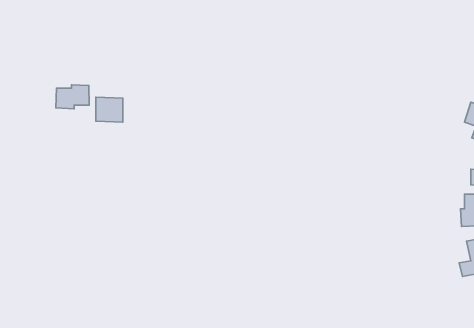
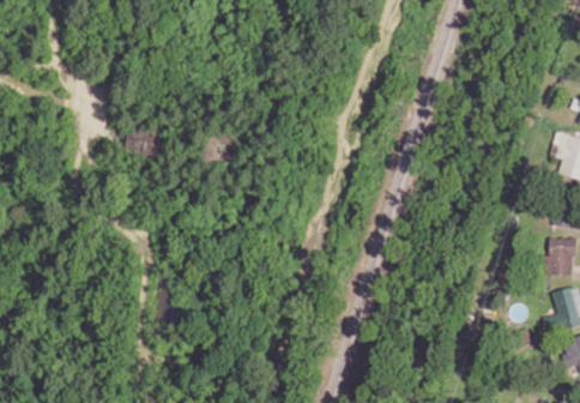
building: [56,85,89,109] -> none

